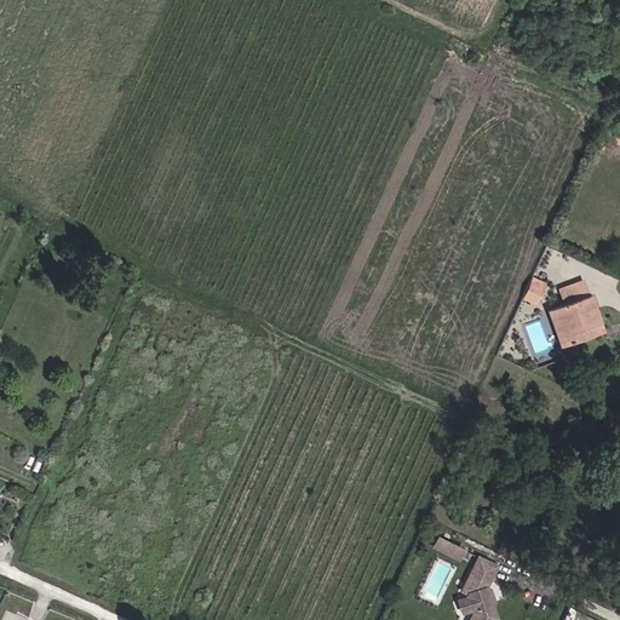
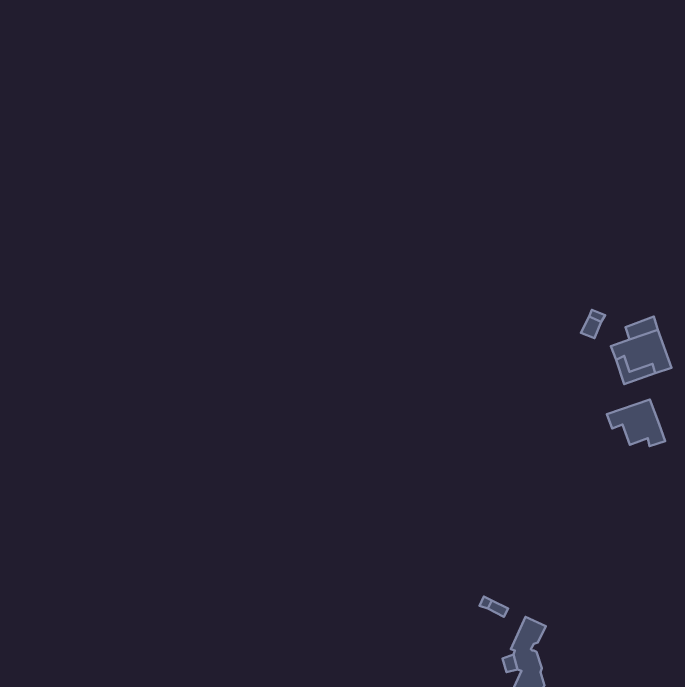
building: none -> [607,399,665,446]

